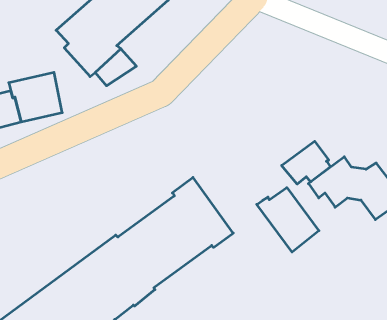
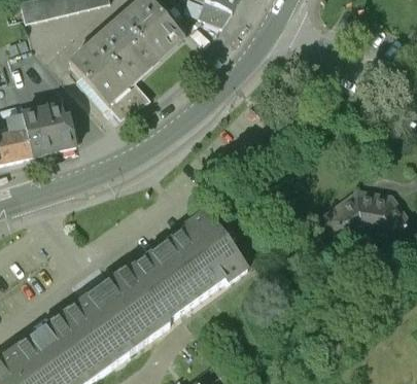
building: [282,141,330,184] -> none
building: [257,188,319,252] -> none

